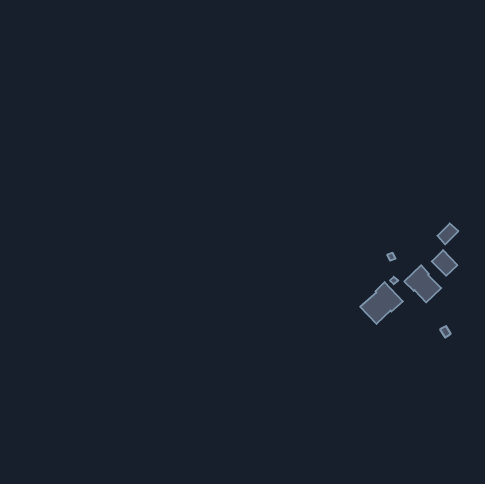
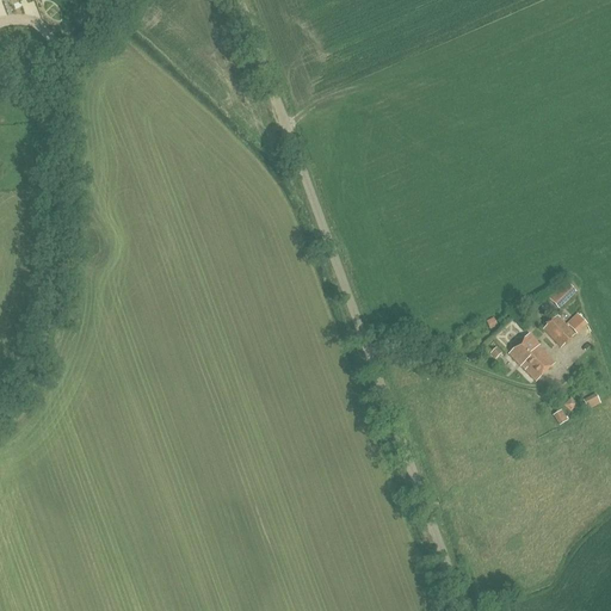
building: [360,282,403,324] -> none

